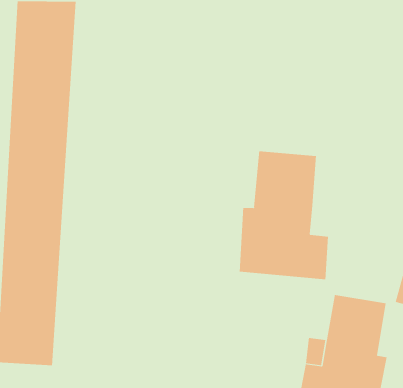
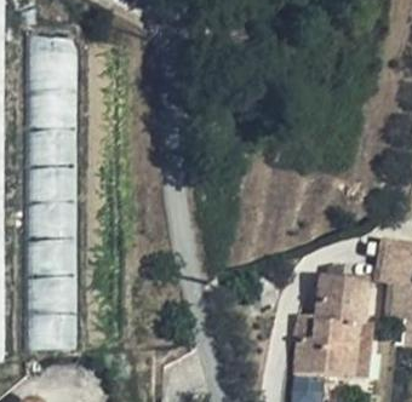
building: [239,150,328,280] -> none

